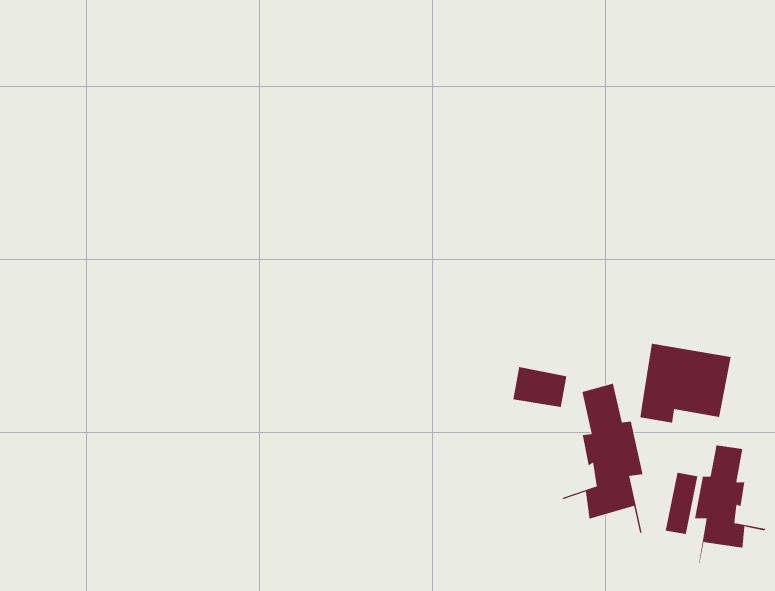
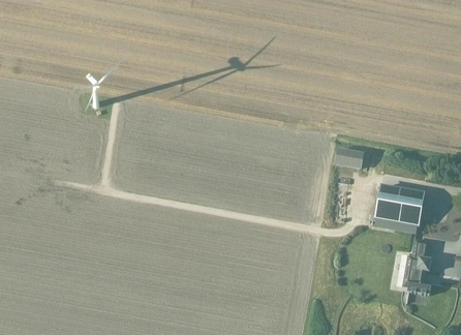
building: [513,366,567,407] -> [335,148,364,170]
building: [561,383,643,533] -> none

